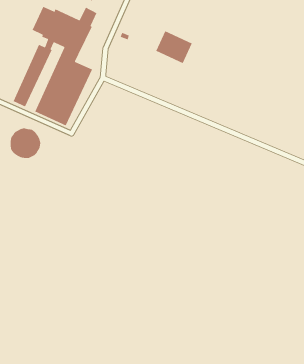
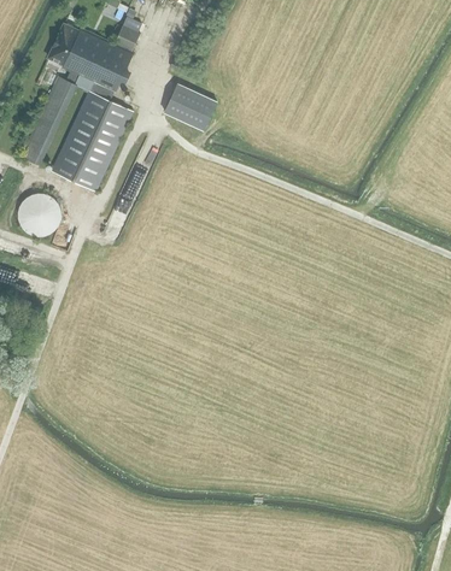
building: [155,30,193,64] -> [164,82,216,129]

